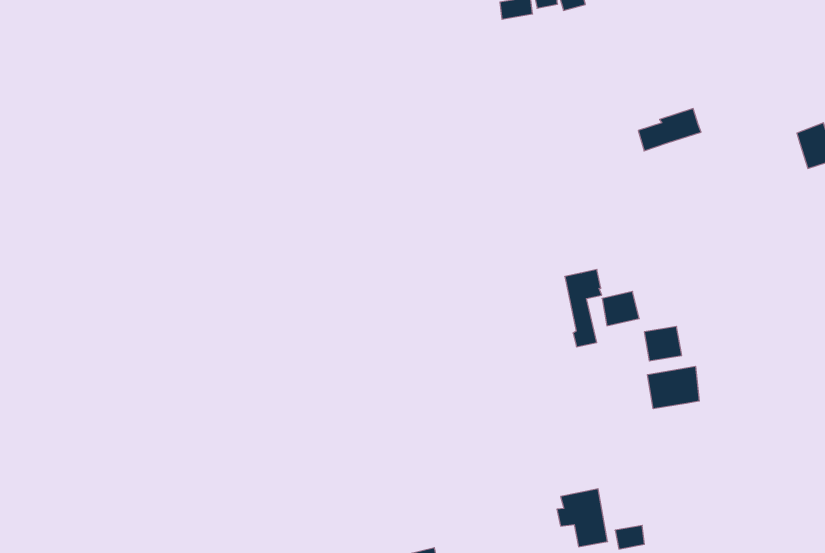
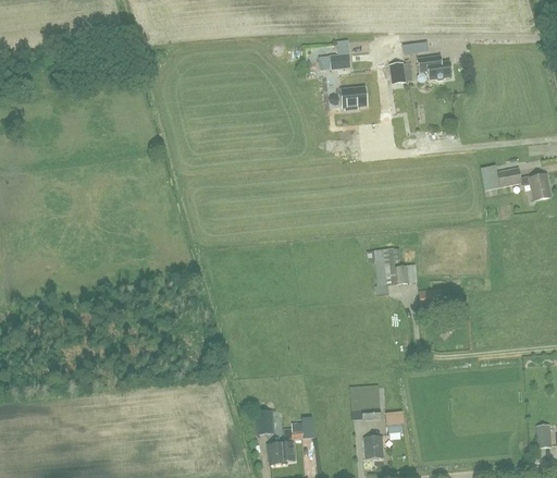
building: none -> [341,86,366,107]
building: [638,109,701,151] -> [482,167,521,189]
building: [647,366,699,409] -> none

